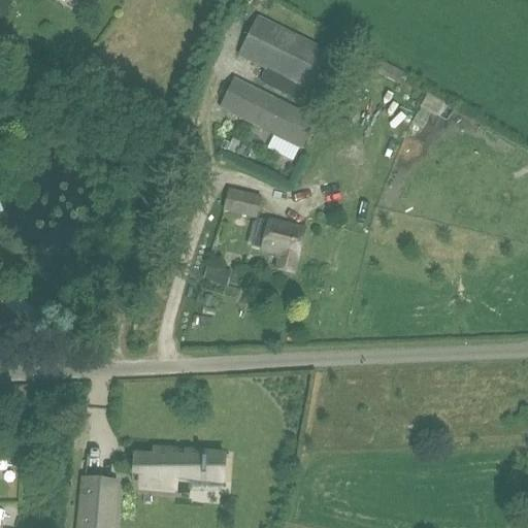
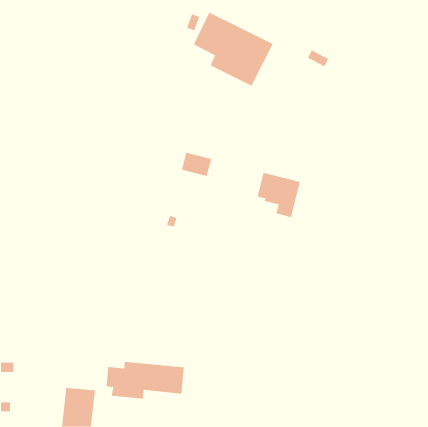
building: [221,77,315,146] -> none
building: [252,216,305,271] -> [257,172,301,218]

